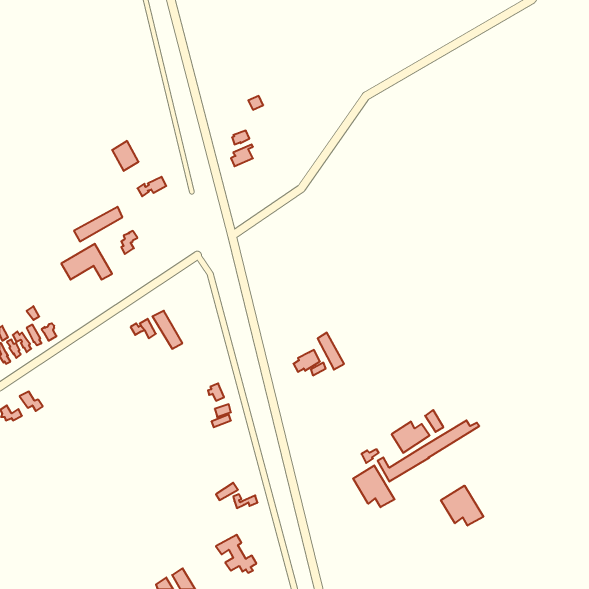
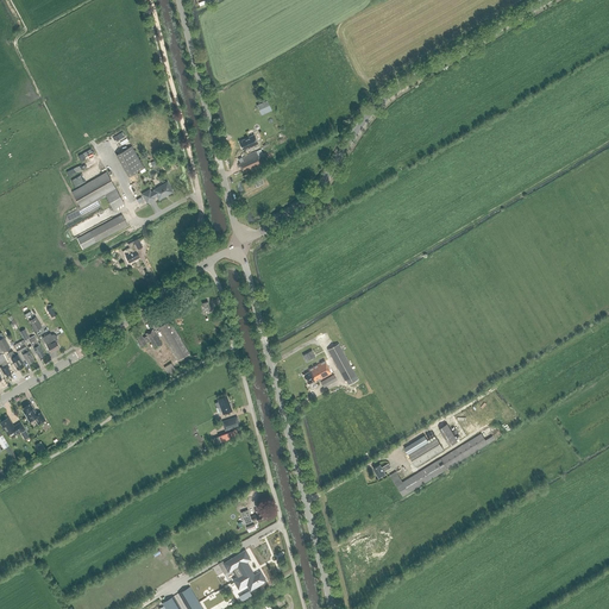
building: [61,244,112,280] -> [70,171,123,208]
building: [353,465,395,507] -> none
building: [441,486,483,526] -> none

